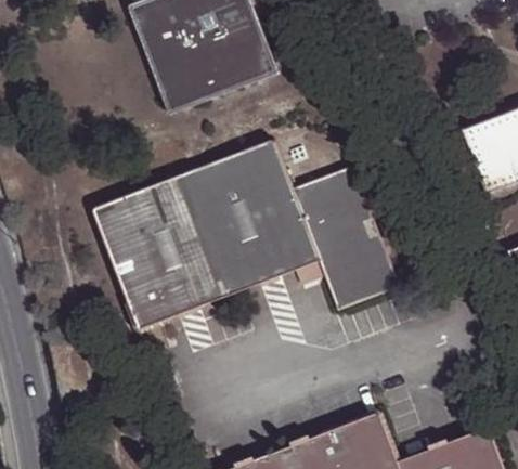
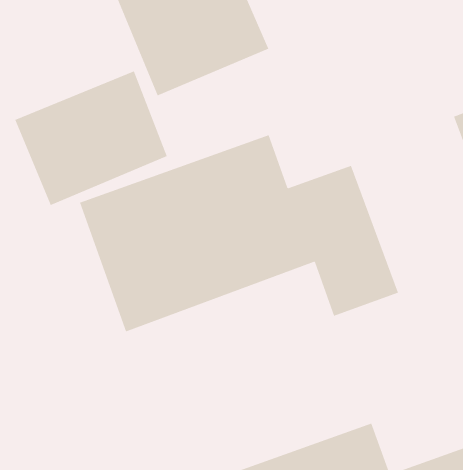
building: none -> [15,71,168,206]

